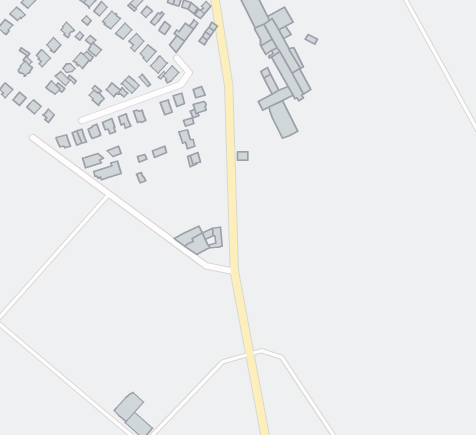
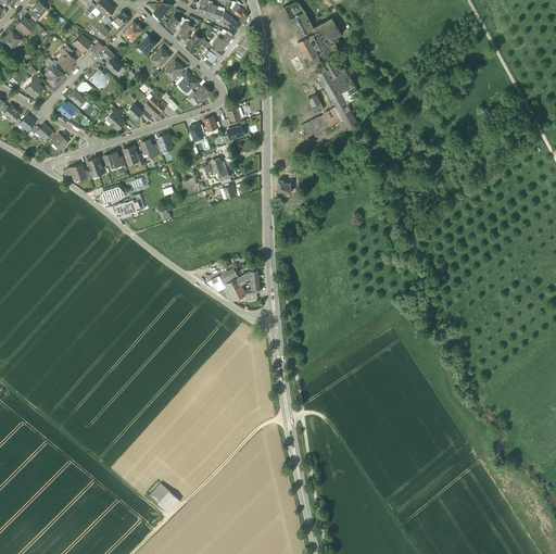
building: [269,101,298,138] -> none
building: [114,392,144,422] -> none

